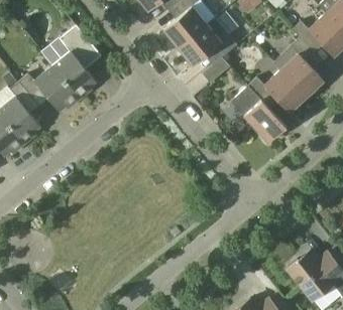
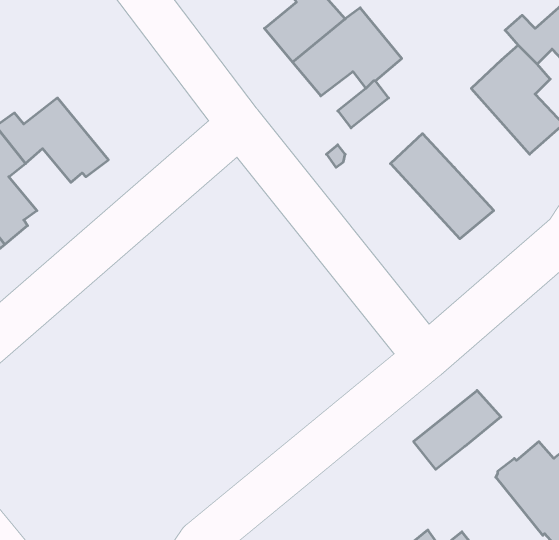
building: [52,25,102,100] -> none
building: [248,69,306,113] -> none
building: none -> [414,390,501,469]

